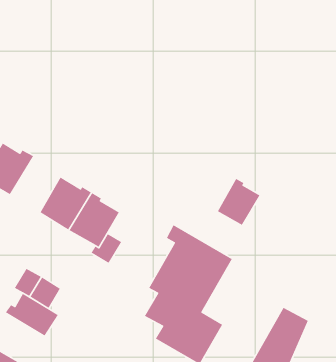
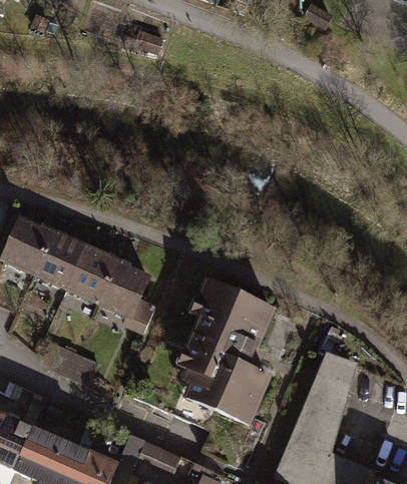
building: none -> [34,229,83,287]
building: [217,178,260,226] -> none
building: [5,293,59,336] -> none

